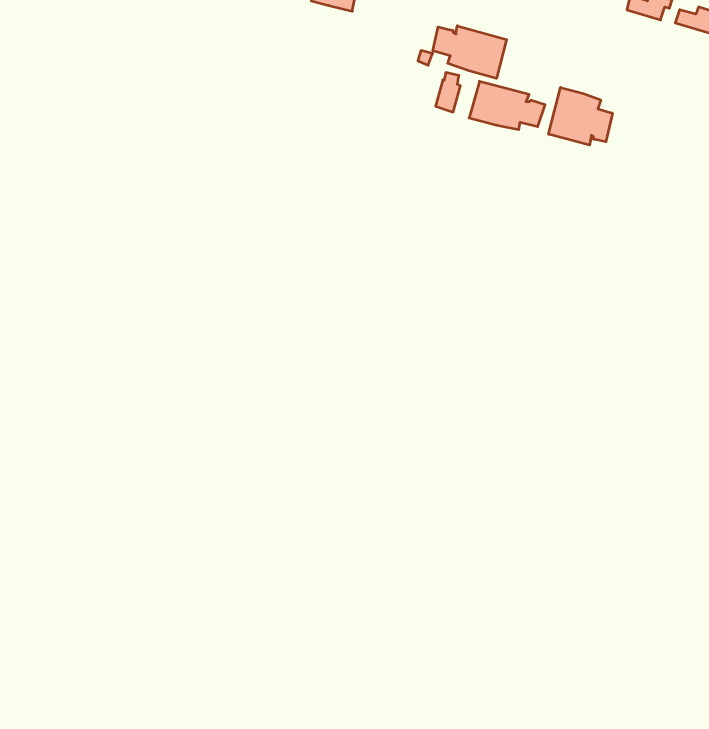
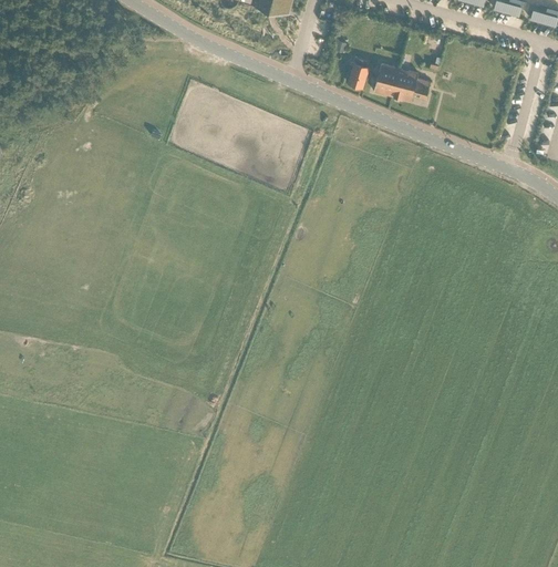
building: [433,26,507,78] -> none
building: [549,87,612,145] -> none

